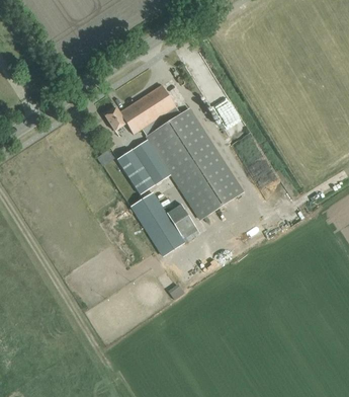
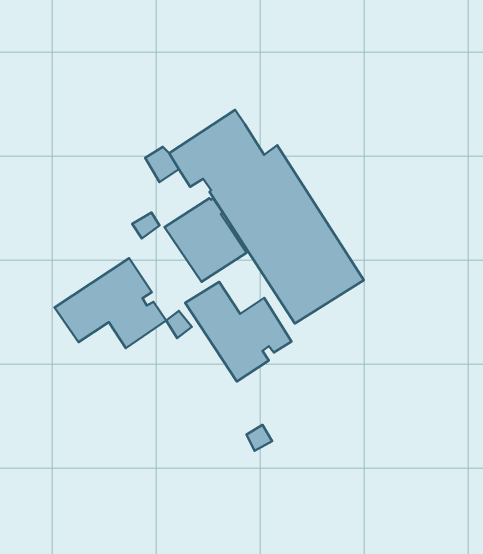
building: none -> [54,258,166,348]

